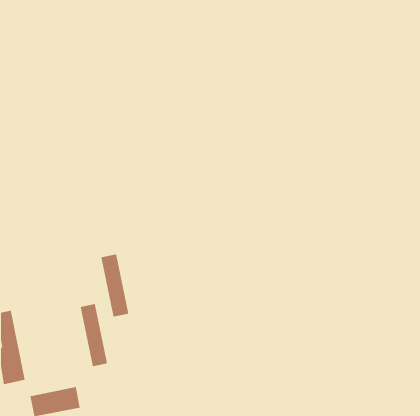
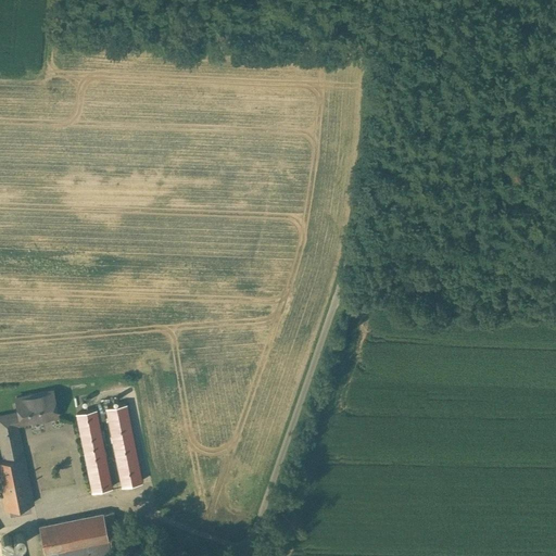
building: [101,254,129,317] -> [75,413,113,496]
building: none -> [15,393,59,428]

